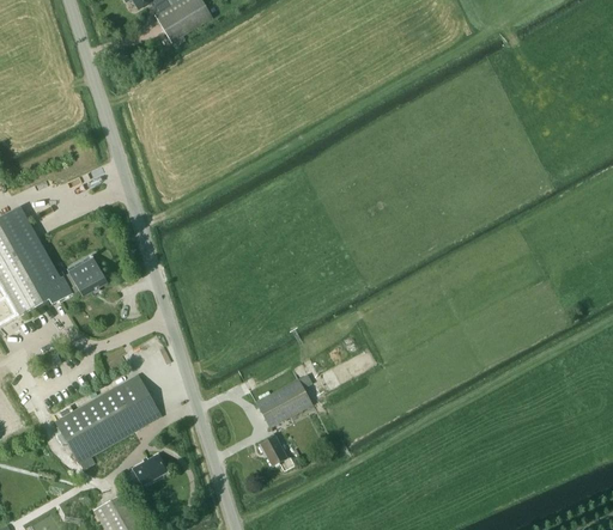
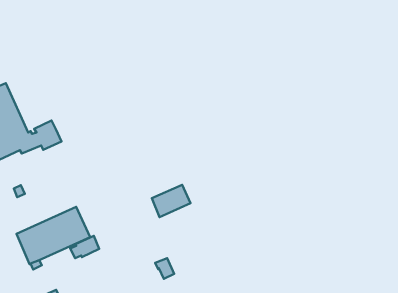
building: [255,379,311,428] -> [152,185,191,217]
building: [123,455,165,489] -> [70,236,99,258]

